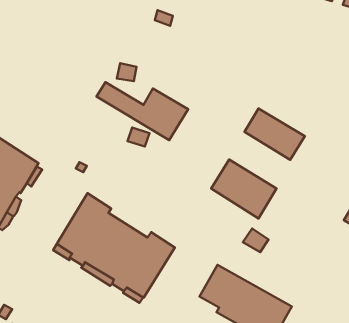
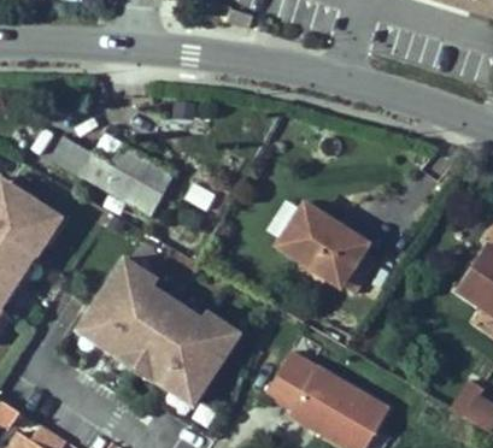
building: [96,82,188,140] -> [53,138,175,216]
building: [245,109,305,160] -> none

